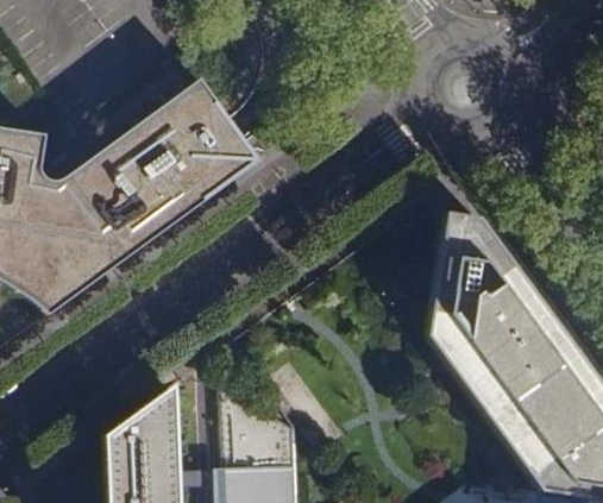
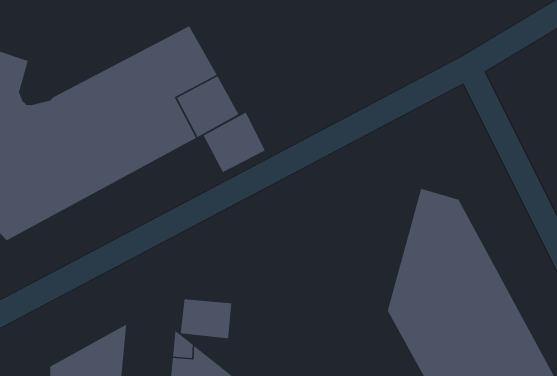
building: none -> [202,112,266,173]
building: none -> [180,298,232,339]

